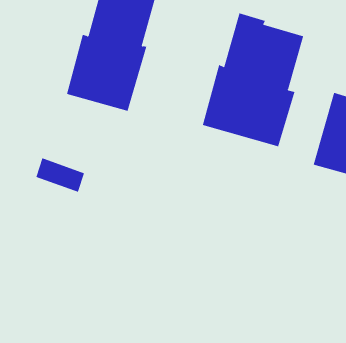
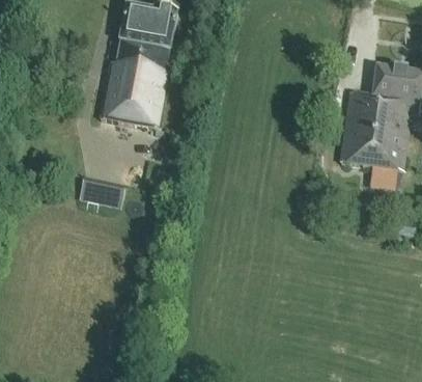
building: [202,13,304,147] -> none

